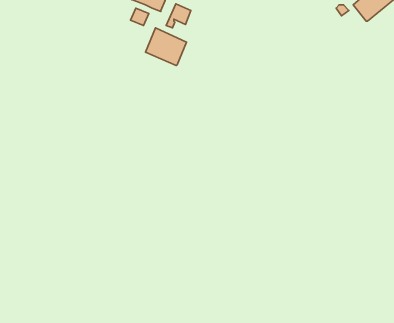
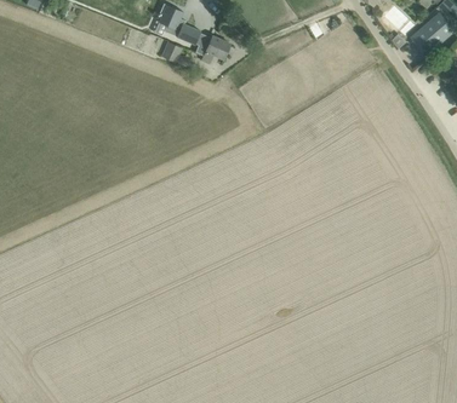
building: [146,28,187,65] -> none

